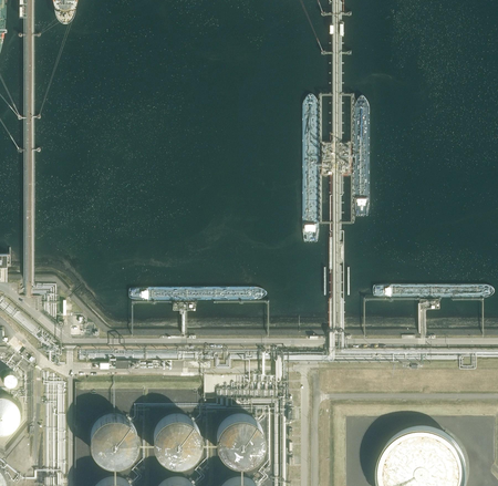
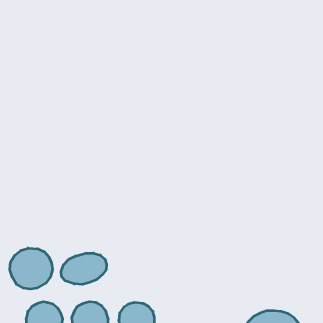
building: none -> [10,248,53,289]
building: none -> [61,253,107,284]

